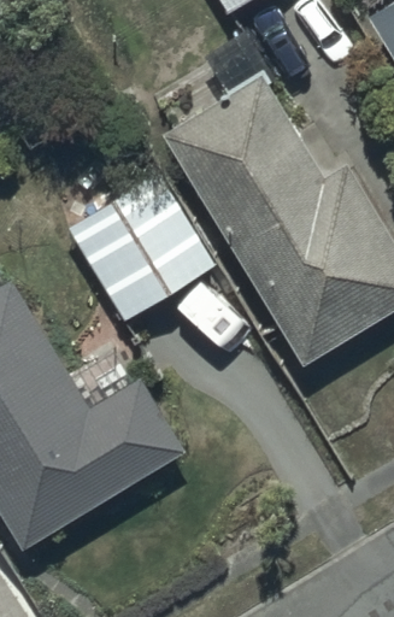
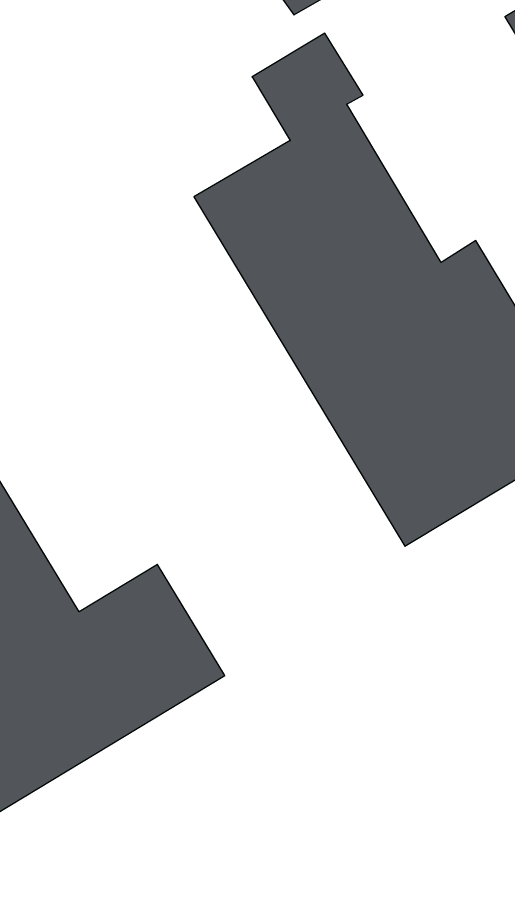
building: [69,172,217,321] -> none

